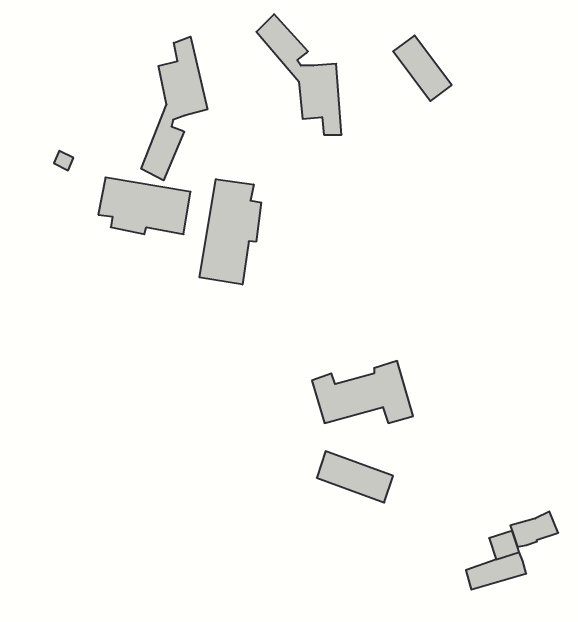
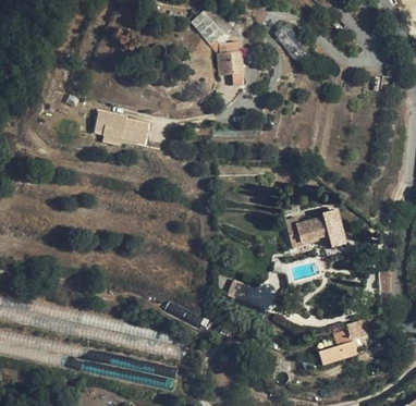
building: [141,37,207,180] -> none
building: [199,179,261,285] -> none
building: [312,361,413,423] -> [285,209,347,247]

